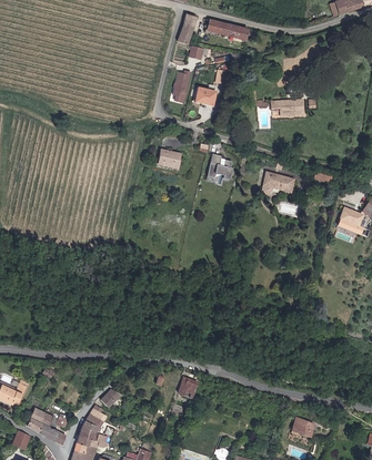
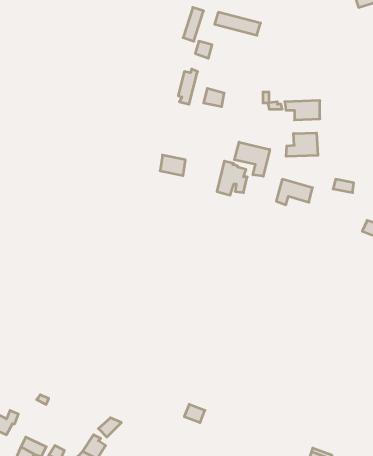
building: none -> [286,133,318,156]
building: none -> [234,142,270,176]

